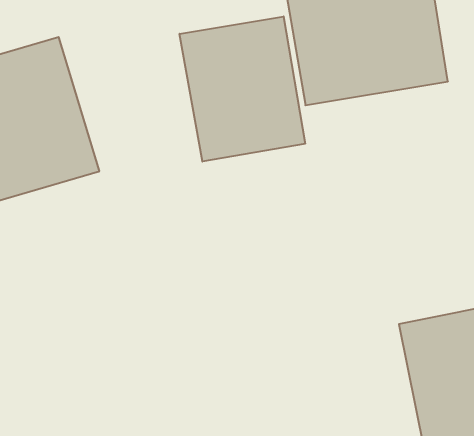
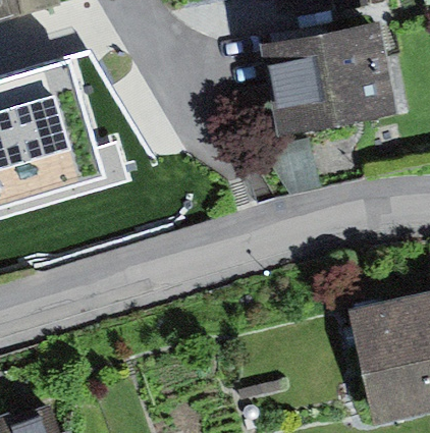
building: [180,16,305,162] -> none

